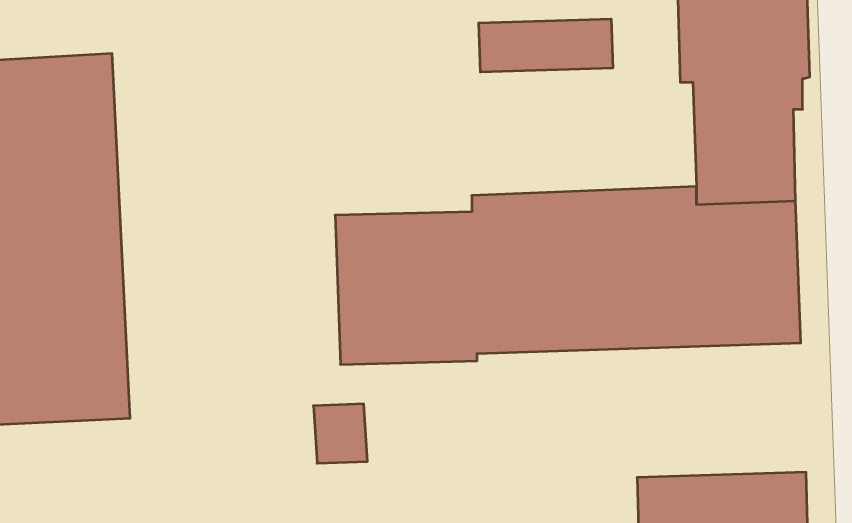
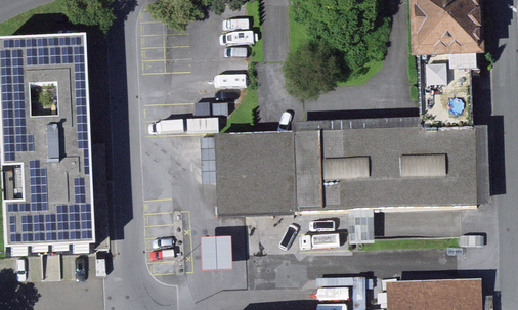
building: [479,19,613,72] -> none

